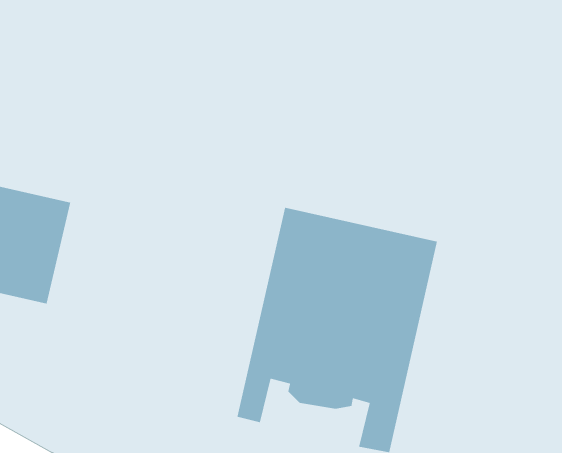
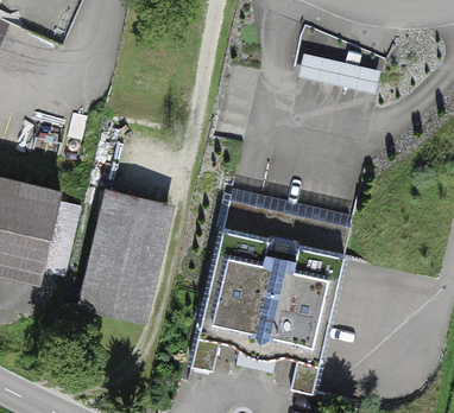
building: none -> [303,53,383,87]
building: none -> [83,190,168,318]

